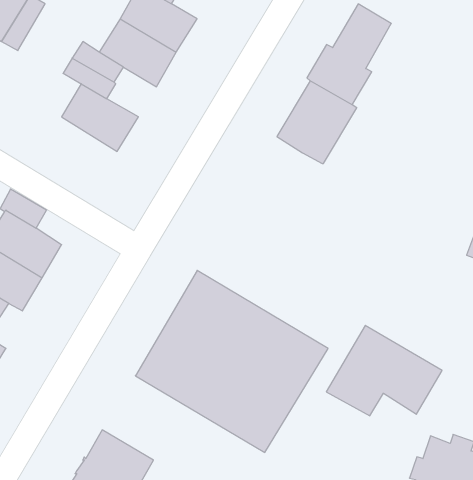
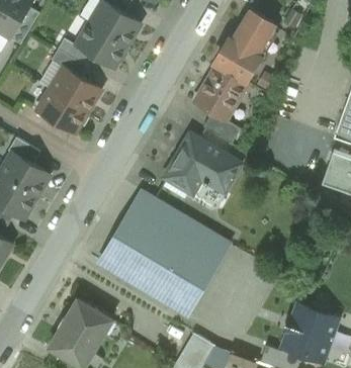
building: none -> [35,89,87,134]
building: none -> [203,113,240,144]
building: [326,325,442,416] -> [163,133,241,194]

